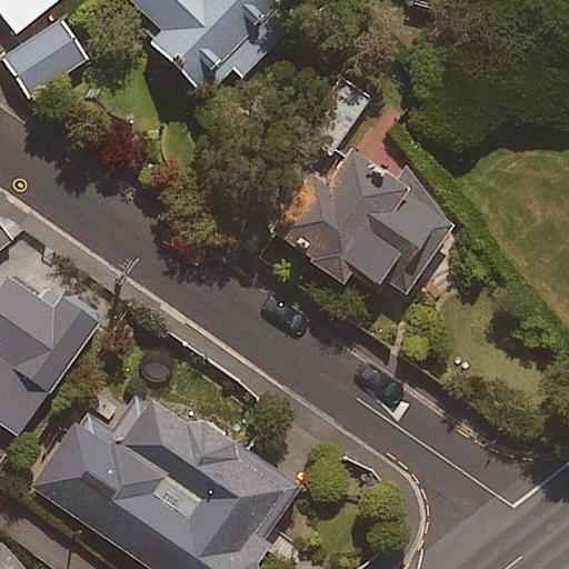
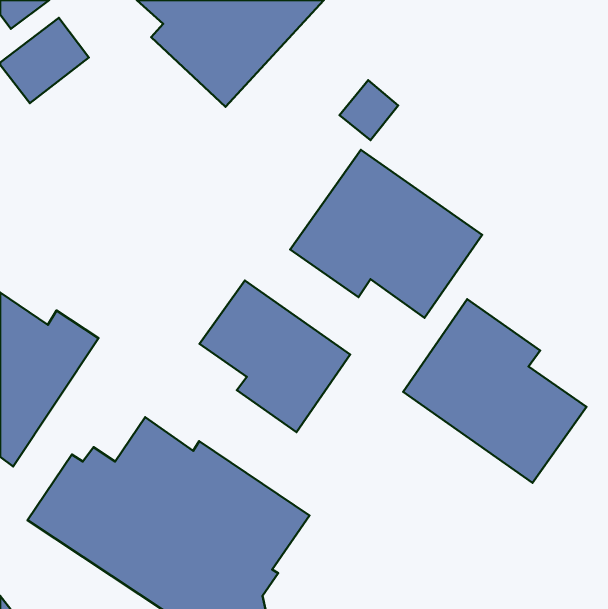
building: none -> [200,280,350,432]
building: none -> [403,299,586,483]

